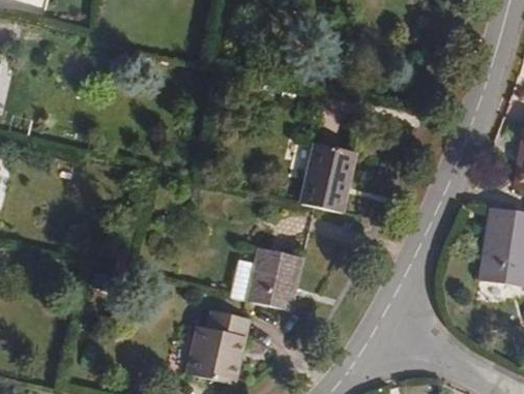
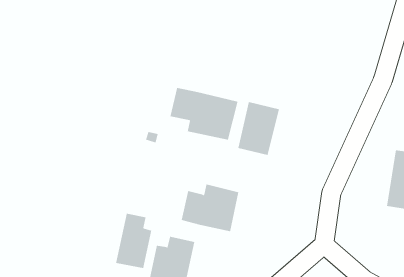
building: none -> [170,87,238,141]
building: none -> [116,213,152,269]

